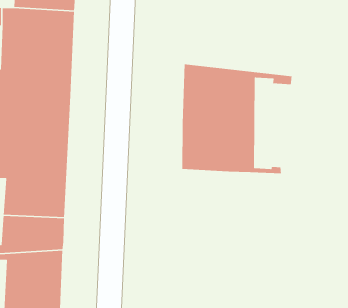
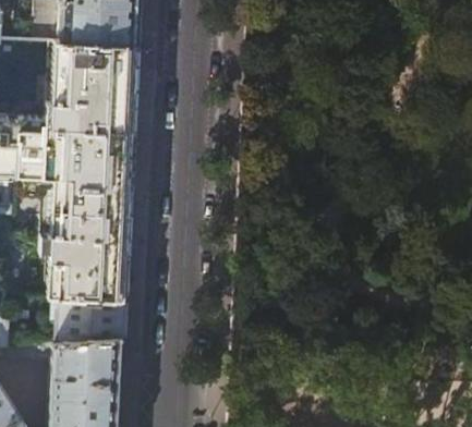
building: [181,64,292,174] -> none

